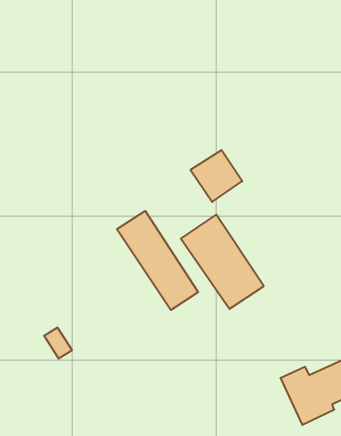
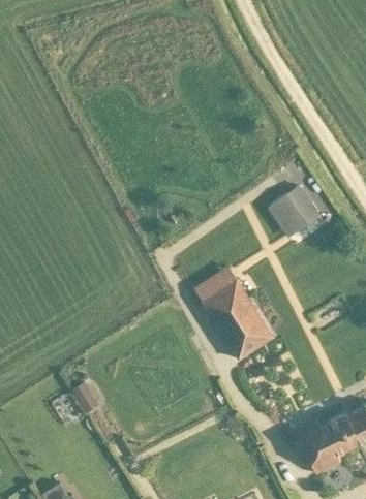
building: [190,150,242,202] -> [269,186,321,238]
building: [117,211,198,310] -> none

